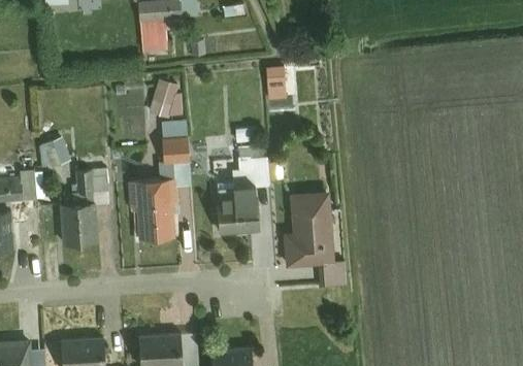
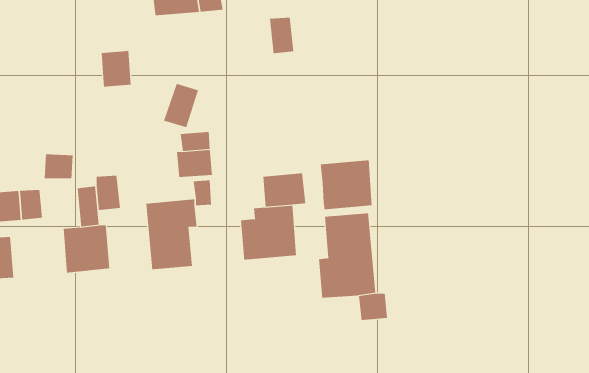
building: [139,21,166,53] -> [101,50,132,87]
building: [266,69,288,101] -> [269,17,294,54]
building: none -> [320,159,372,210]

